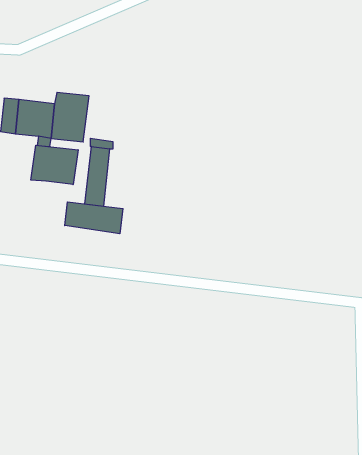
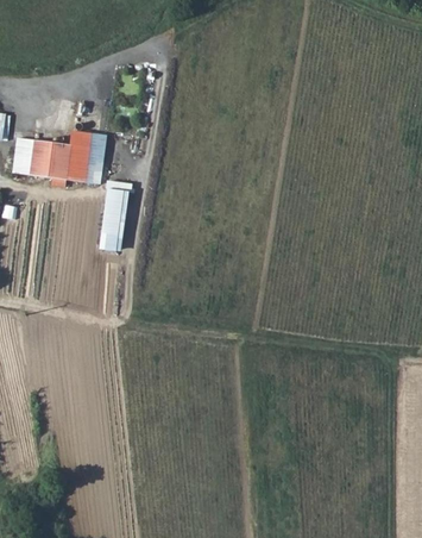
building: [31,145,78,185] -> none
building: [65,202,123,234] -> none

